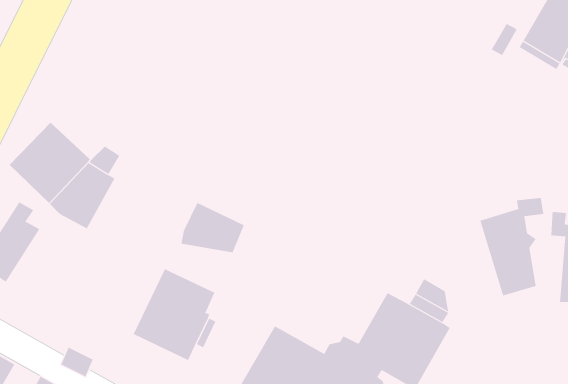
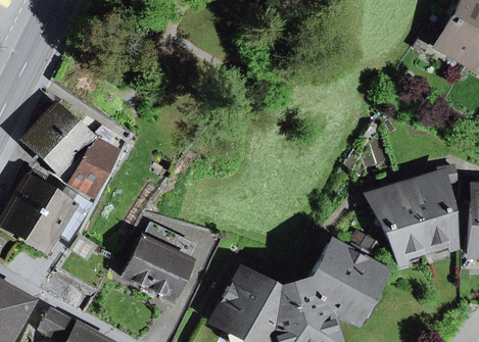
building: [181,202,245,253] -> none
building: none -> [371,185,425,255]
building: none -> [25,187,93,248]

